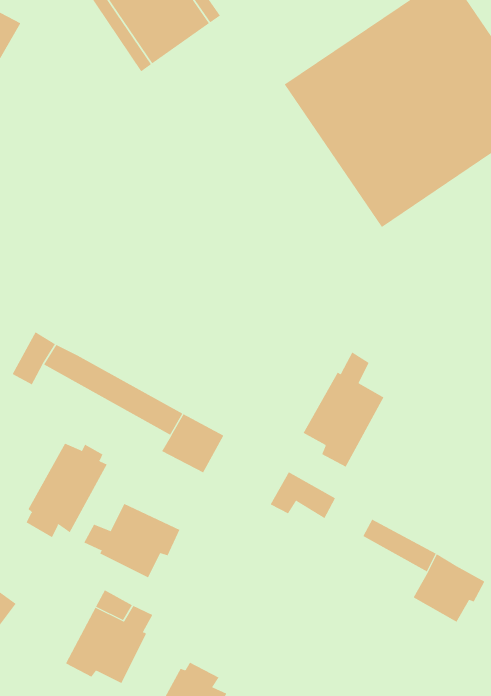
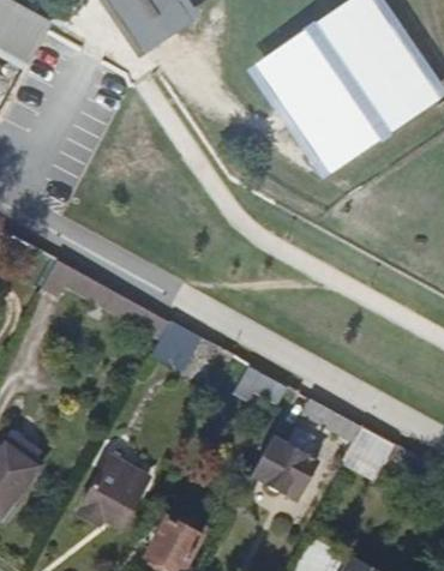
building: [303,352,384,467] -> none
building: [26,443,108,538] -> none
building: [84,503,180,578] -> none
building: none -> [253,427,319,498]

